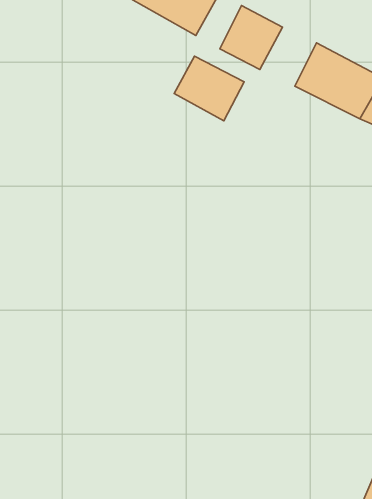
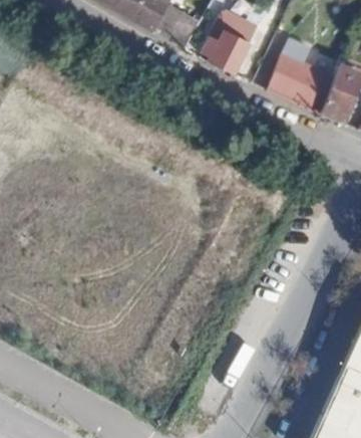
building: [174,56,244,121] -> none

